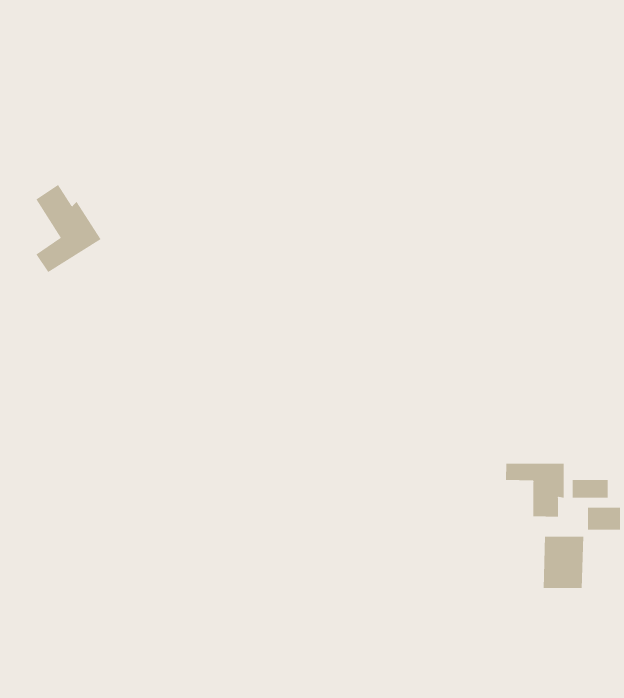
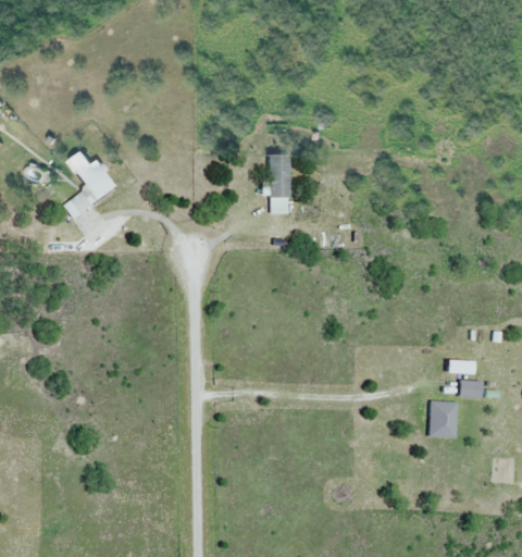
building: none -> [268,154,290,197]
building: [506,463,564,517] -> none

